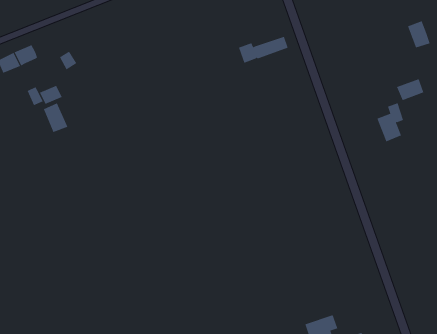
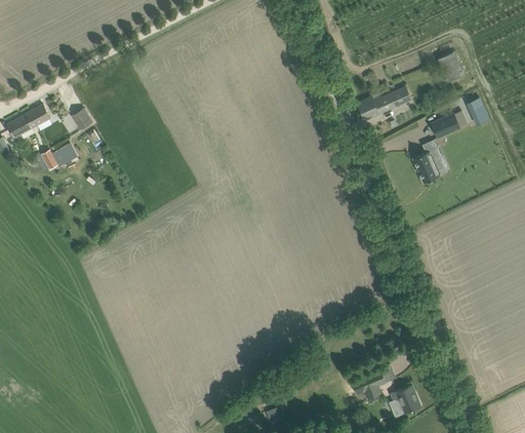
building: [238,36,288,63] -> [357,87,410,119]
building: [43,103,68,133] -> none

